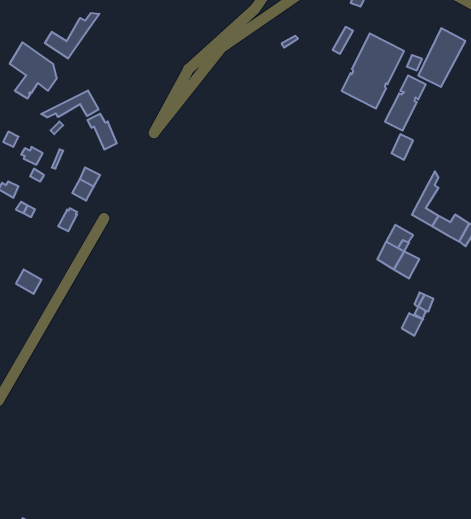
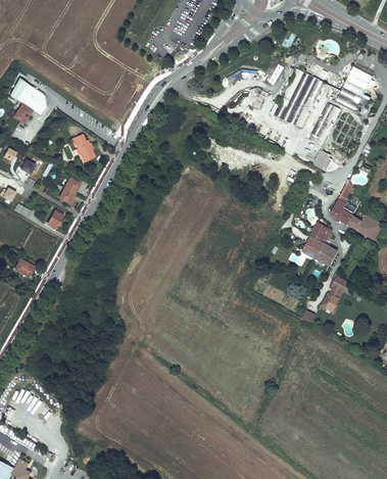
building: [45,13,99,59] -> none
building: [41,90,98,117] -> none

